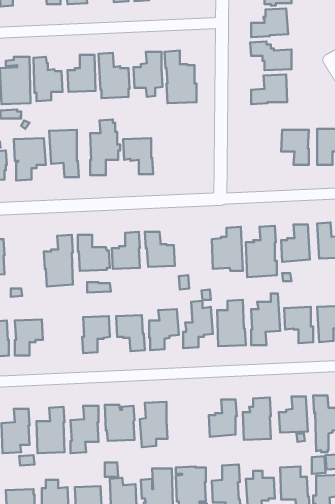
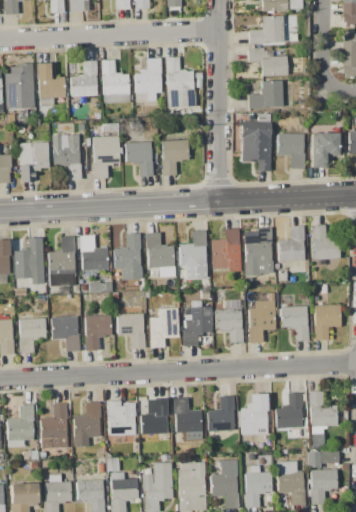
building: none -> [242,113,272,171]
building: none -> [162,140,189,175]
building: none -> [179,230,207,265]
building: none -> [15,237,44,277]
building: none -> [52,316,80,352]
building: none -> [171,398,203,442]

